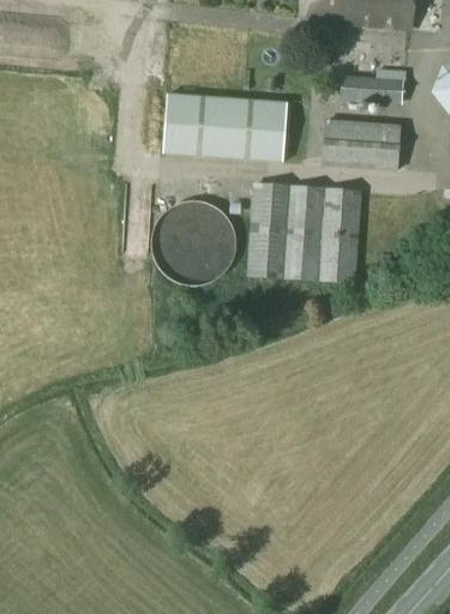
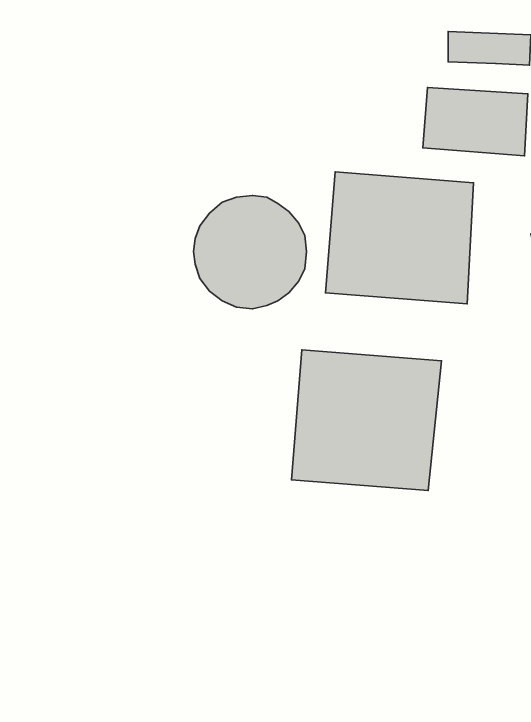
building: [163,92,288,159] -> none
building: none -> [292,350,442,490]

